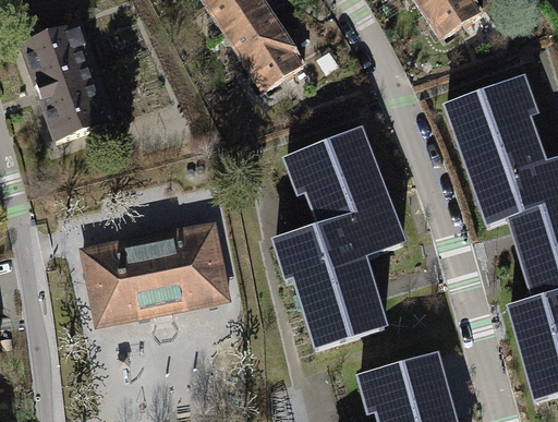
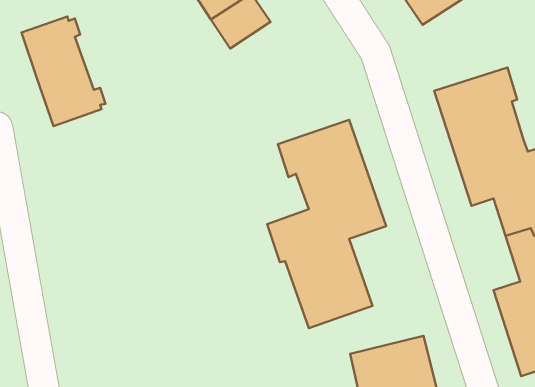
building: [240,33,301,89] -> none
building: [84,222,229,323] -> none

